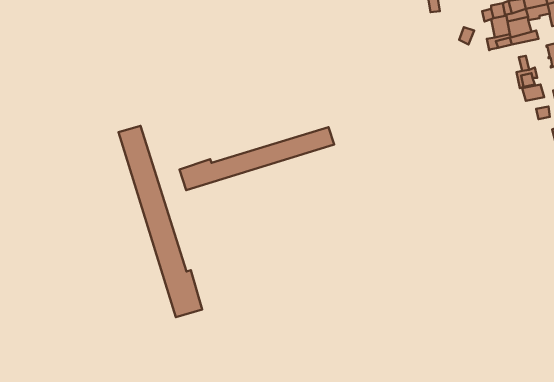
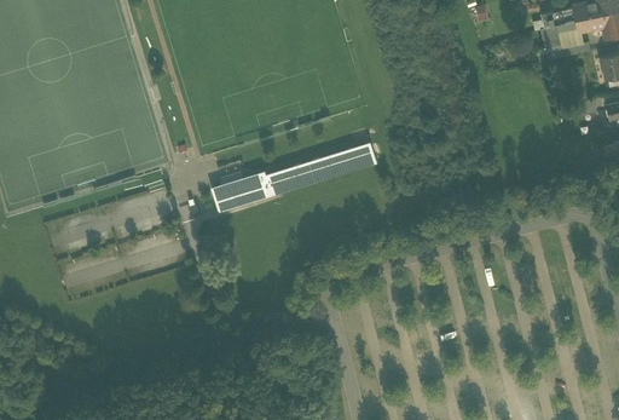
building: [119,126,202,317] -> none

